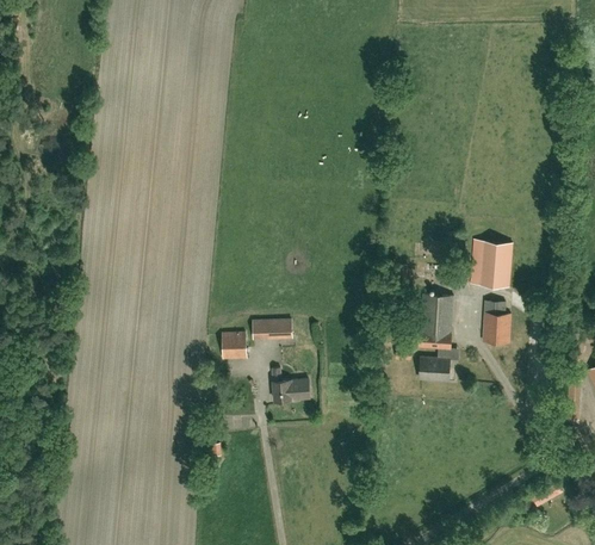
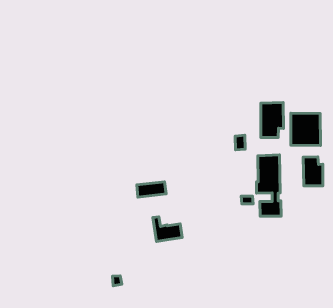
building: none -> [261,102,284,137]
building: [223,333,247,359] -> none

